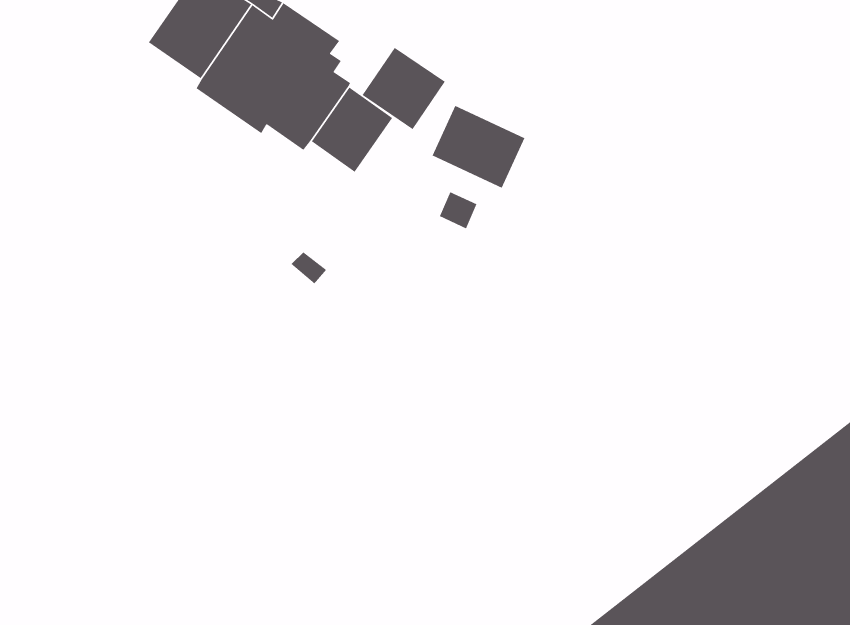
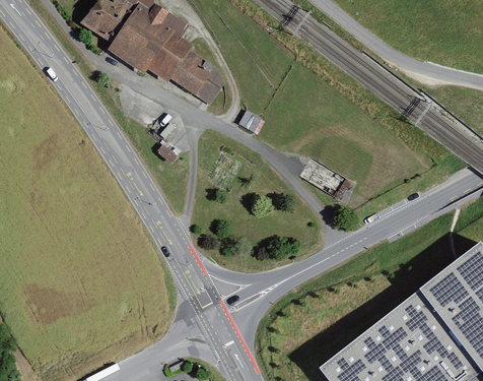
building: [361,47,446,130] -> none
building: [432,105,526,189] -> none

